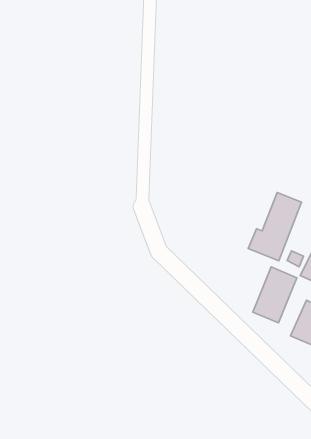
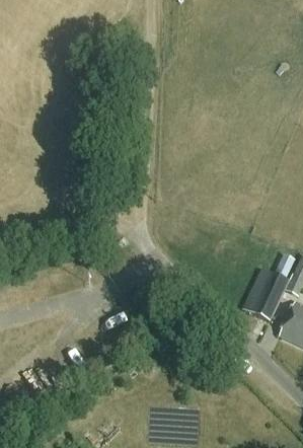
building: [248,193,302,261] -> none

